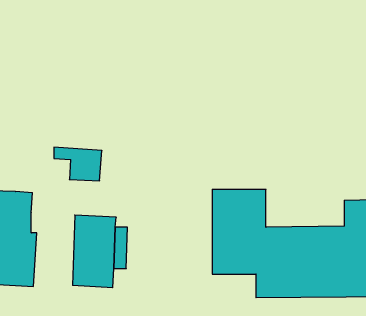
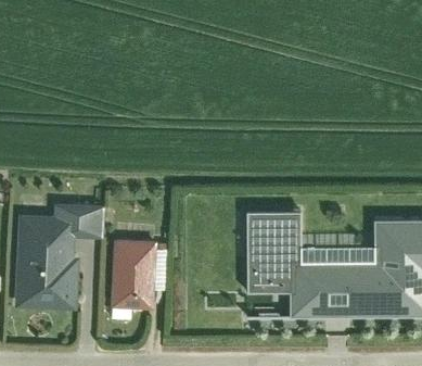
building: [54,147,102,181] -> [55,206,102,239]

